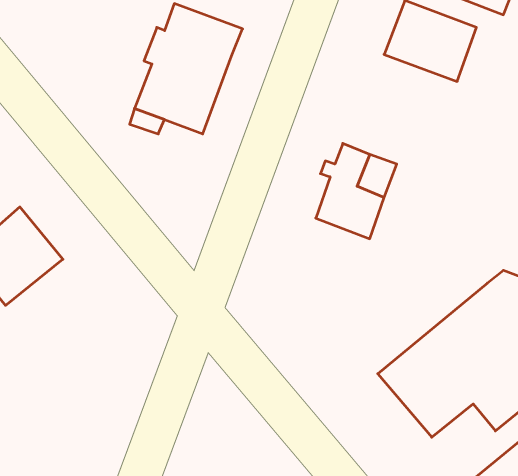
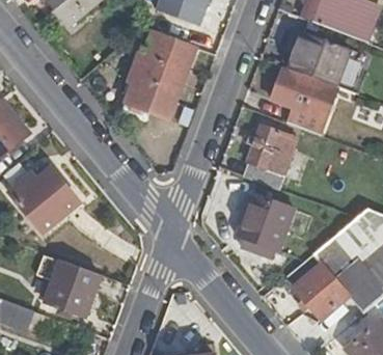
building: none -> [271,69,335,135]
building: none -> [236,194,294,249]
building: none -> [44,258,99,315]

